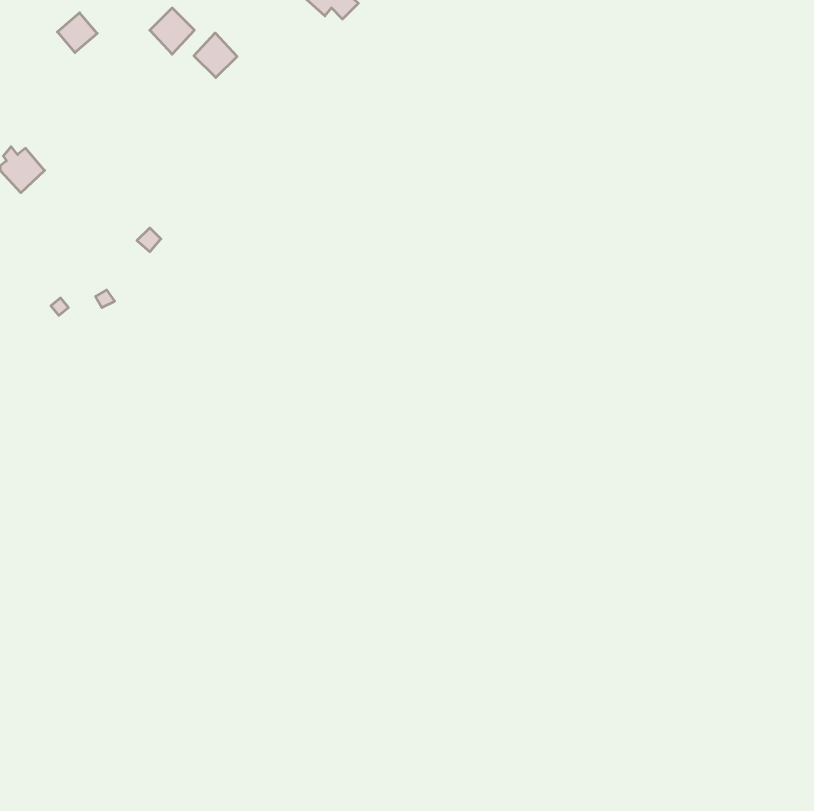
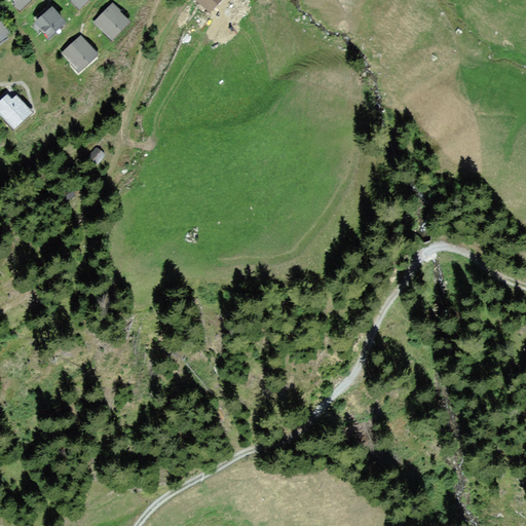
building: [194,33,237,78] -> none
building: none -> [65,37,93,66]

